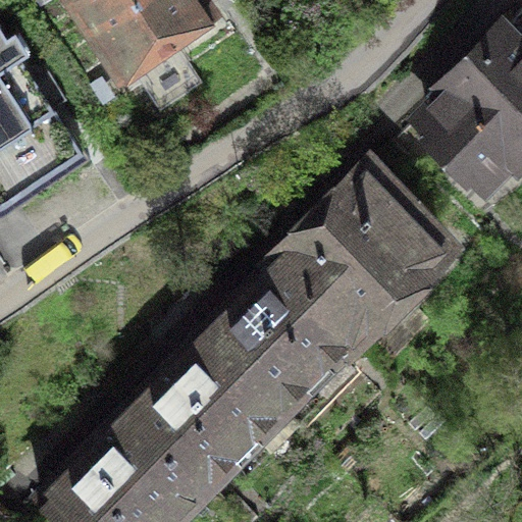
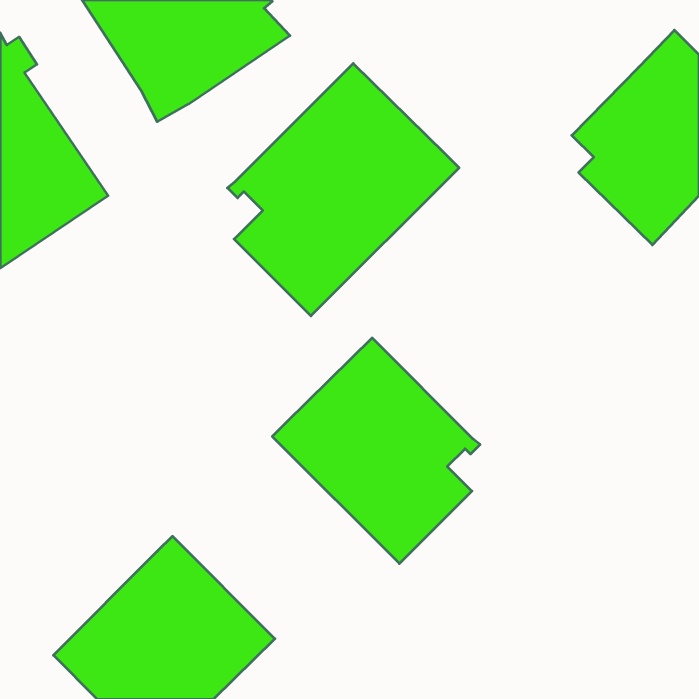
building: none -> [227,63,459,316]
building: [277,165,451,327] -> none
building: [128,325,298,476] -> none

